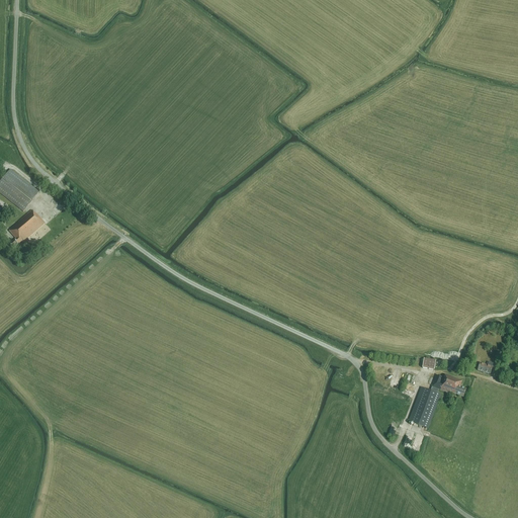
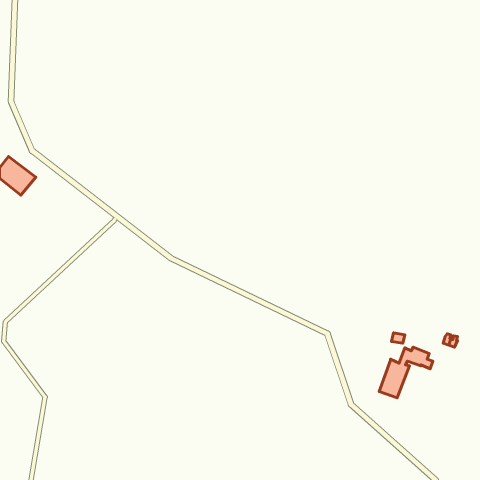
building: [8,208,45,247] -> none

